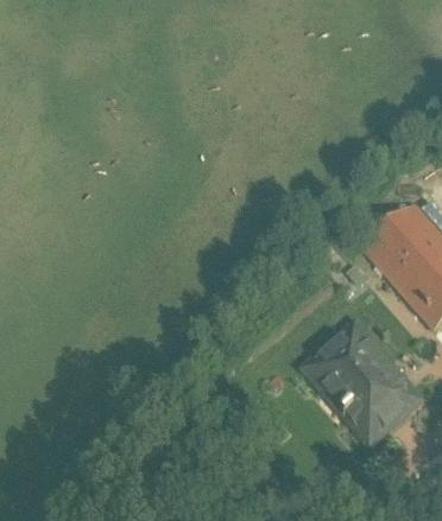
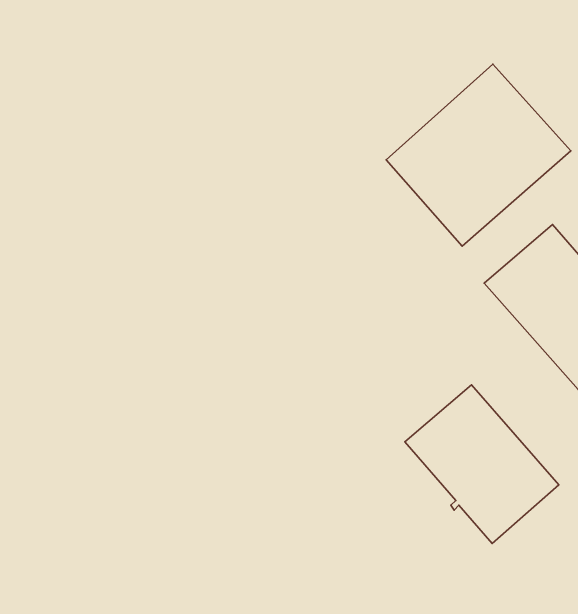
building: none -> [386,64,571,246]

